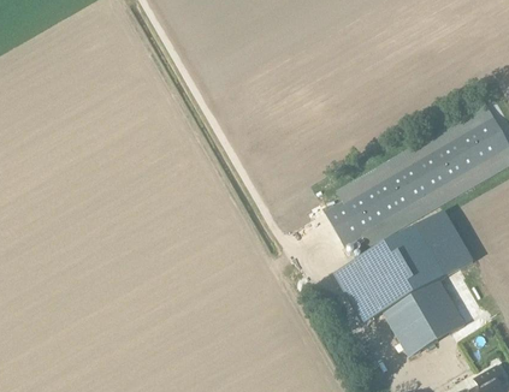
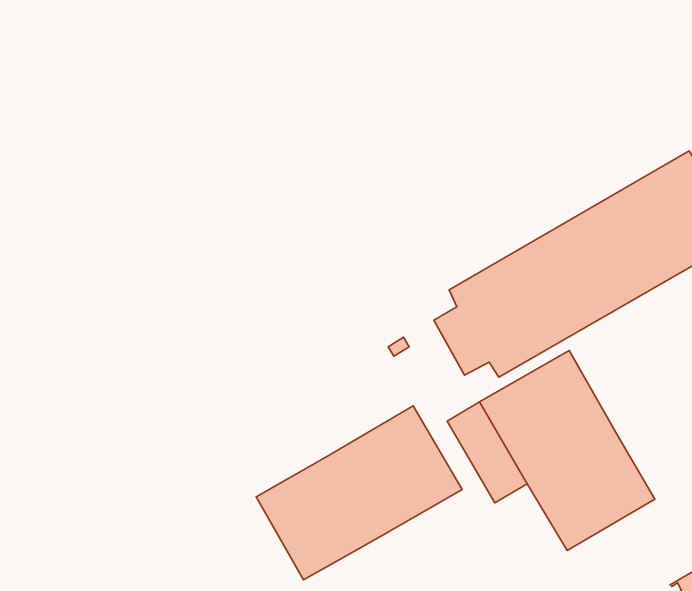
building: [410,210,475,283] -> none
building: none -> [256,406,462,580]

